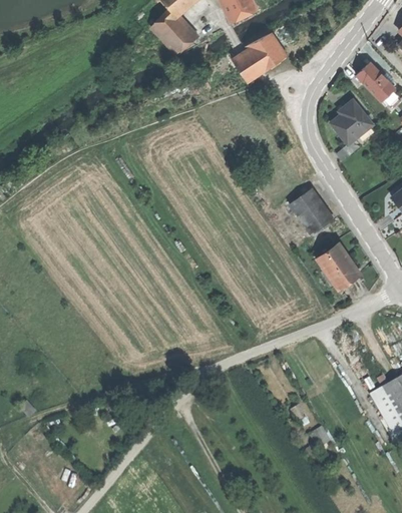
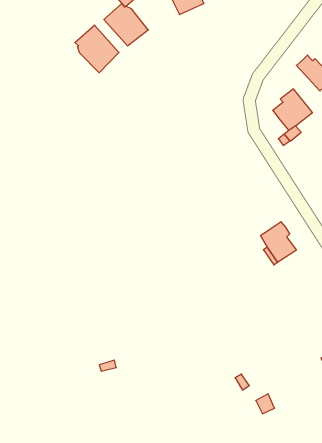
building: [233,32,287,82] -> none
building: none -> [75,25,119,73]
building: [290,186,334,234] -> none

